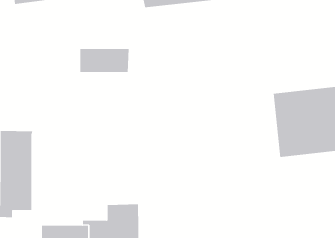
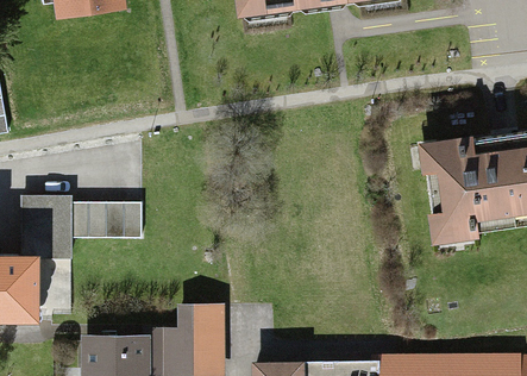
building: [79,49,129,72] -> [69,202,142,237]

